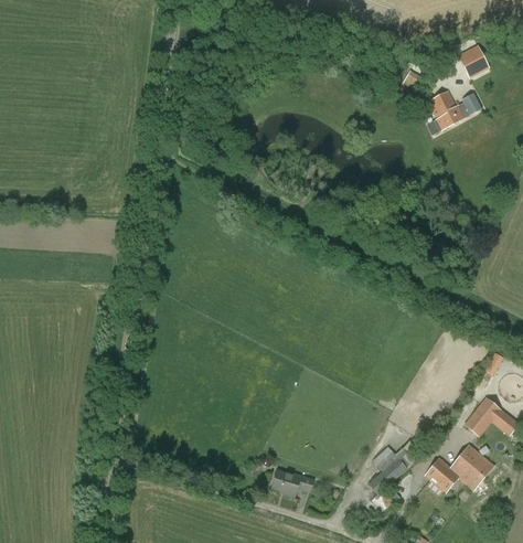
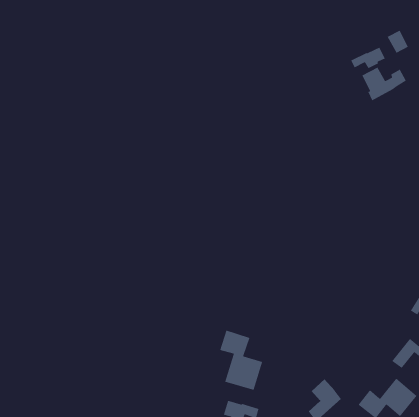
building: none -> [350,47,386,69]
building: none -> [219,329,263,391]

